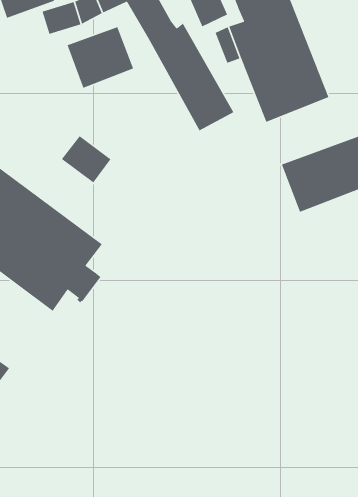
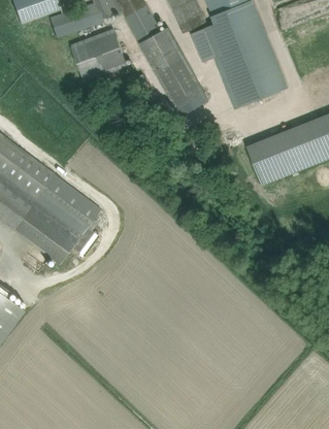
building: [61,135,111,184] -> none

